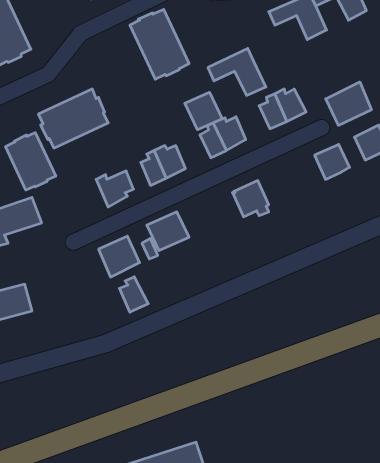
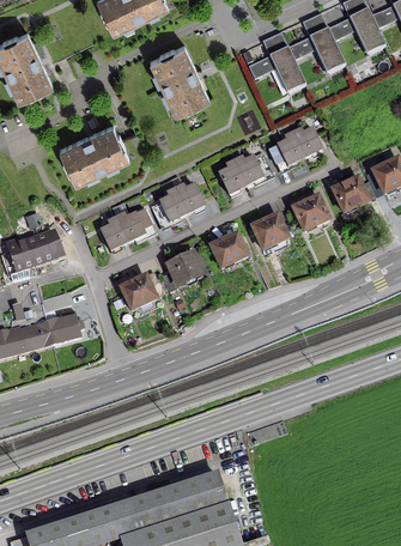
building: [208,48,266,95] -> [248,47,305,93]
building: [326,82,371,125] -> none
building: [185,92,222,130] -> none
building: [6,133,56,190] -> none
building: none -> [292,196,328,231]
building: none -> [99,213,128,249]
building: none -> [211,235,247,268]
building: [119,277,148,312] -> none
building: none -> [45,310,81,344]

